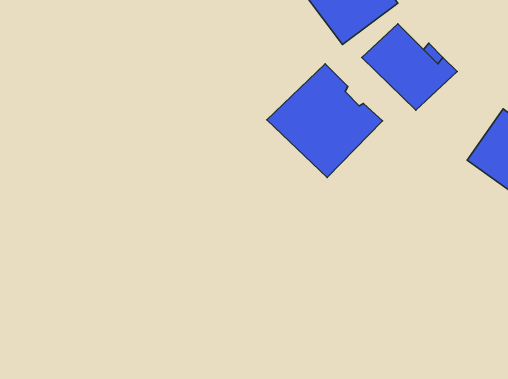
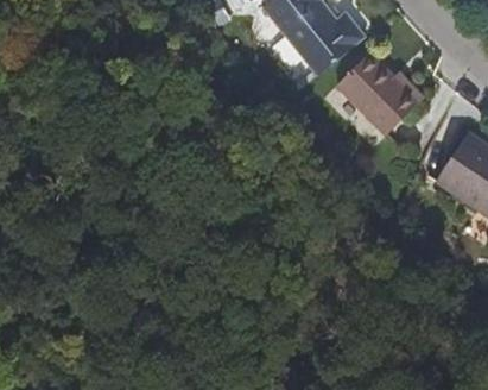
building: [267,64,382,178] -> none

